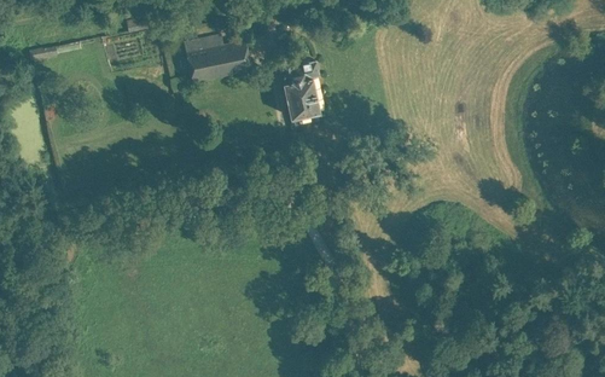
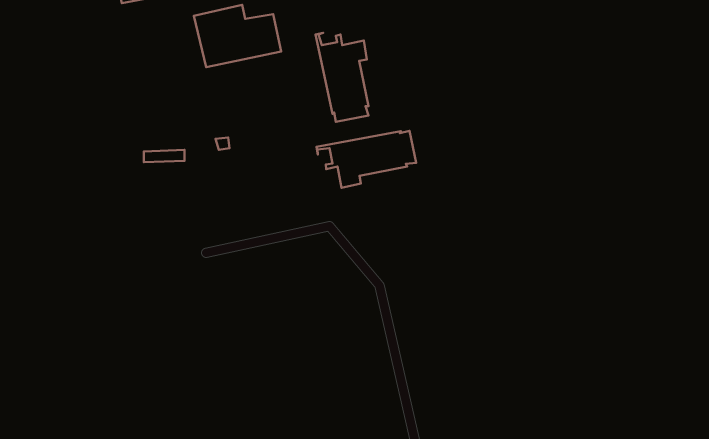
building: none -> [316,131,416,188]

